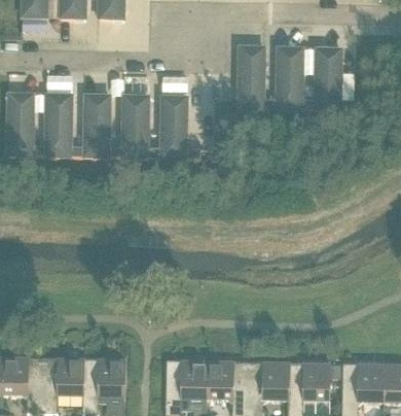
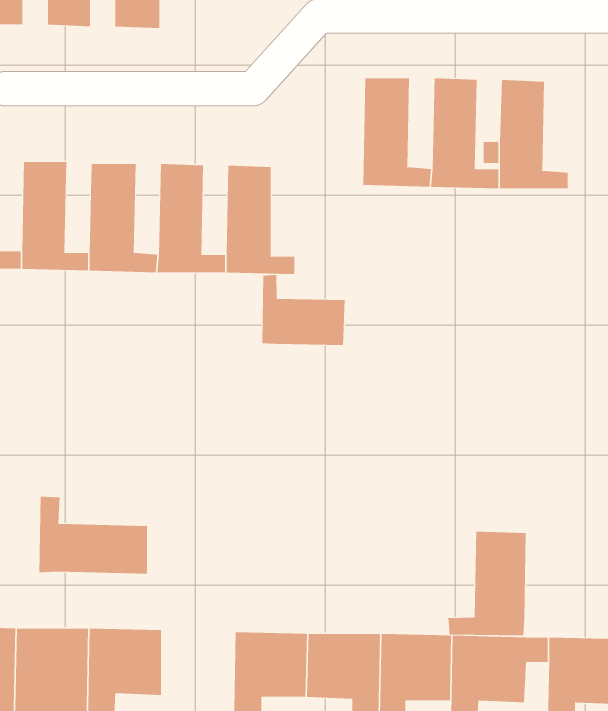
building: none -> [262,274,345,346]
building: none -> [39,496,148,574]
building: none -> [448,531,526,636]

